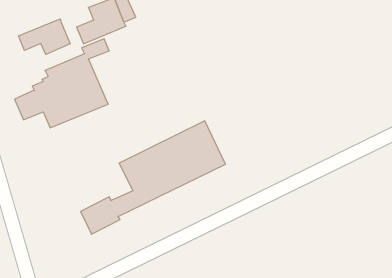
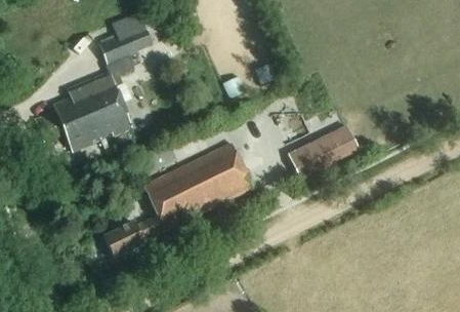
building: [19,19,70,54] -> none
building: none -> [288,125,361,183]

